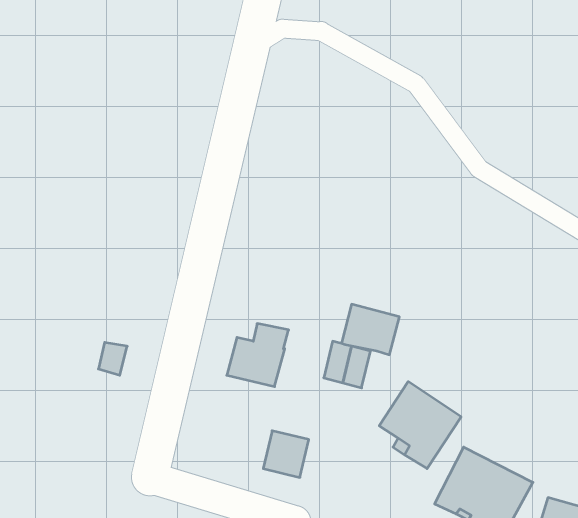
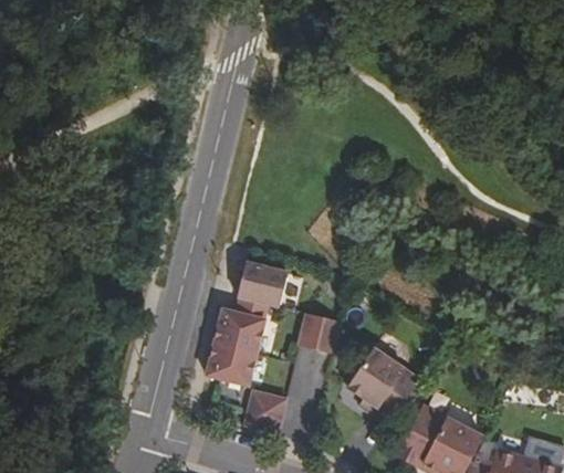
building: [342,304,399,355] -> [237,261,288,305]
building: none -> [206,341,255,385]

